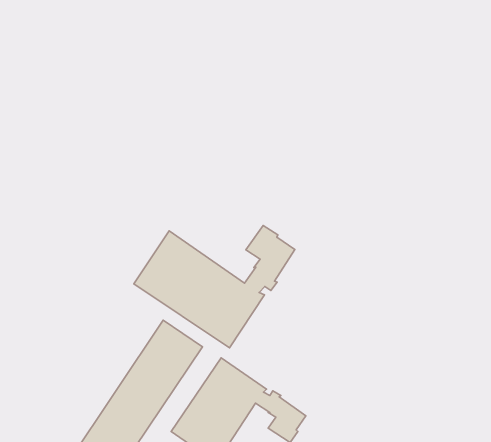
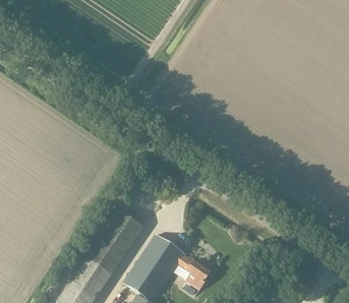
building: [134,225,295,348] -> none

